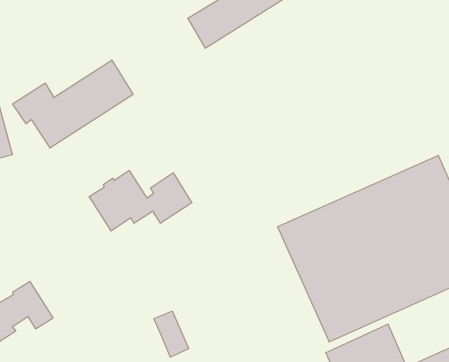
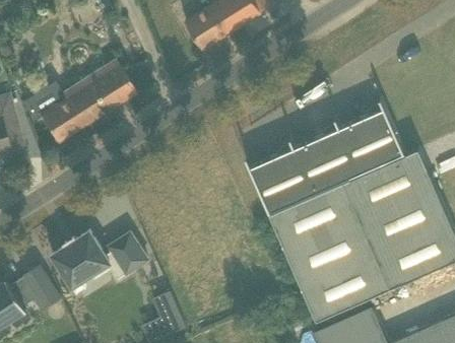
building: none -> [245,99,404,214]
building: [89,171,192,231] -> [51,231,146,287]

